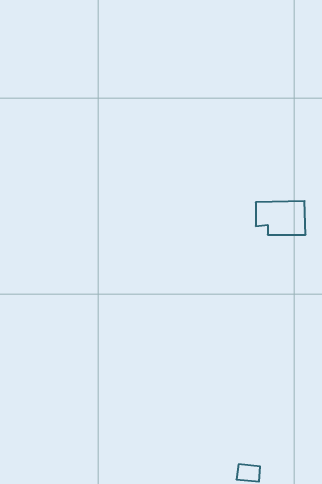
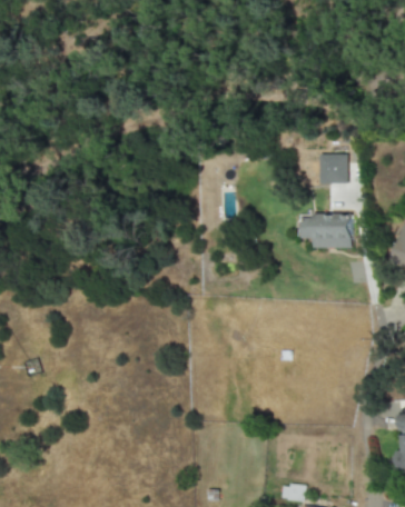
building: none -> [317,153,346,183]

